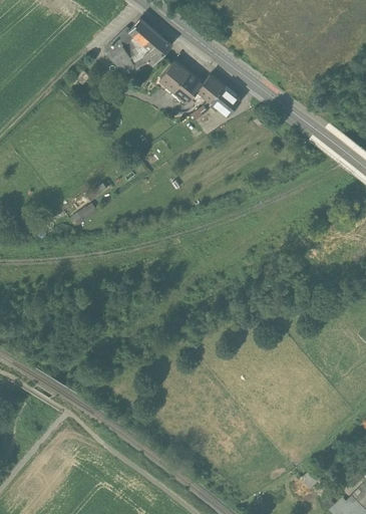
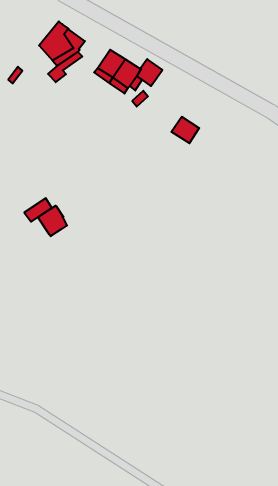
building: [128,19,170,67] -> none
building: [212,87,240,114] -> [171,117,199,143]
building: none -> [38,206,67,236]

